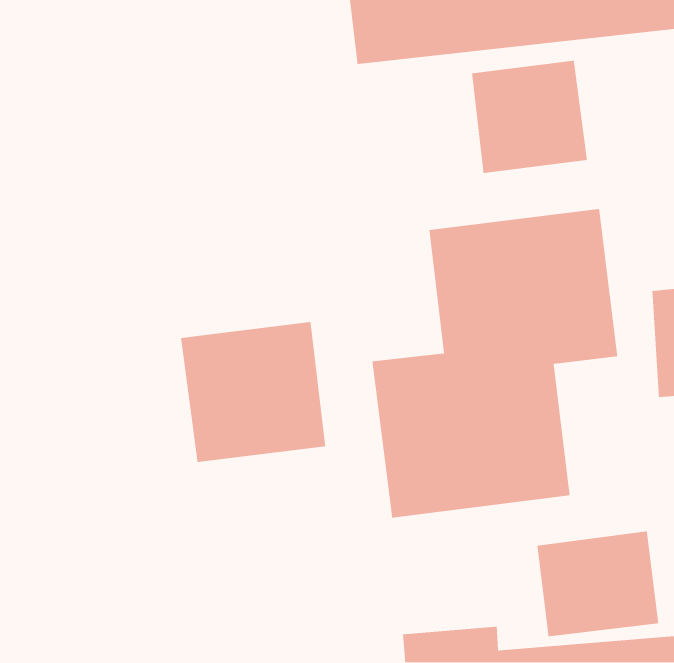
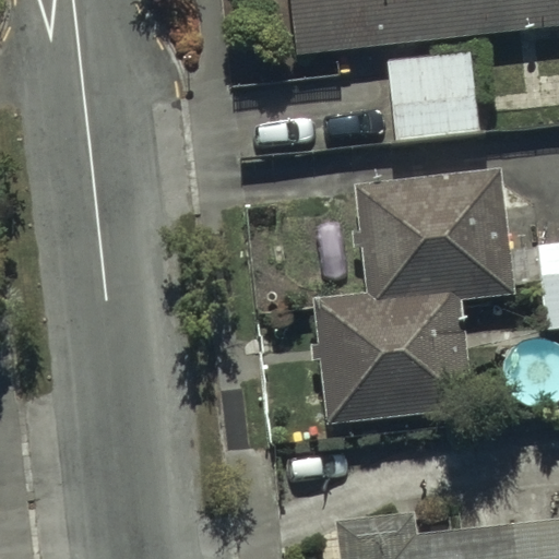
building: [180,321,326,463] -> none
building: [536,530,659,637] -> none

